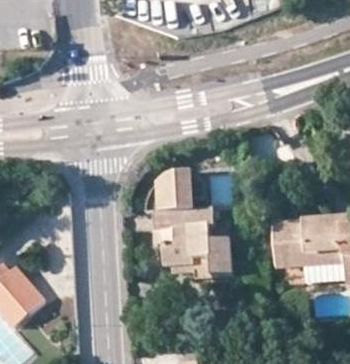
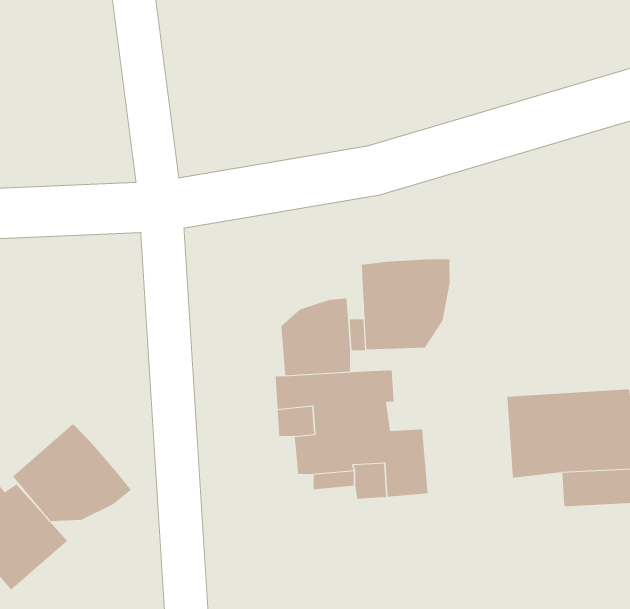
building: none -> [361,258,450,350]
building: none -> [12,423,132,522]

